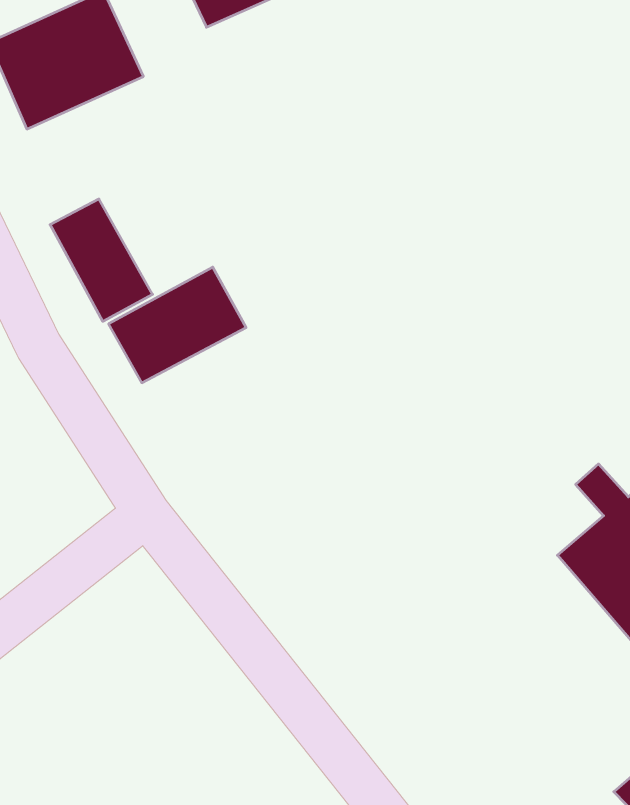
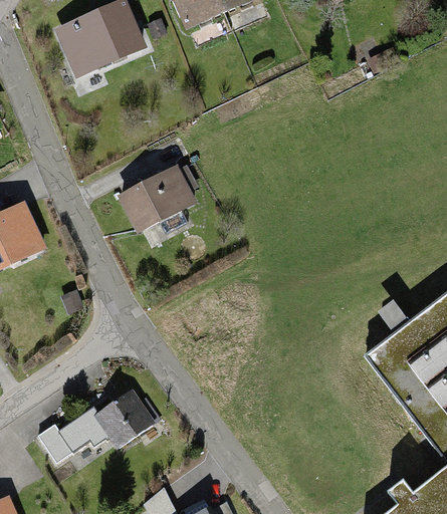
building: [50,199,153,321] -> none
building: none -> [45,389,152,463]

